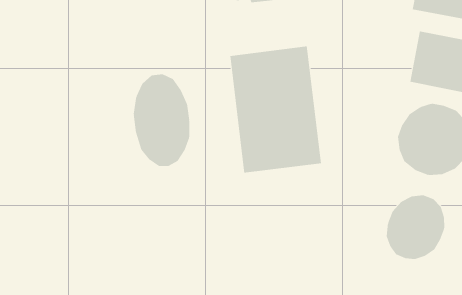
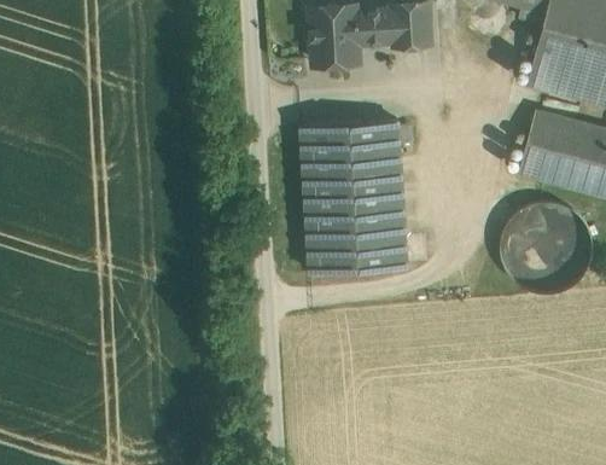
building: [133,73,190,167] -> none
building: [386,195,445,260] -> none

